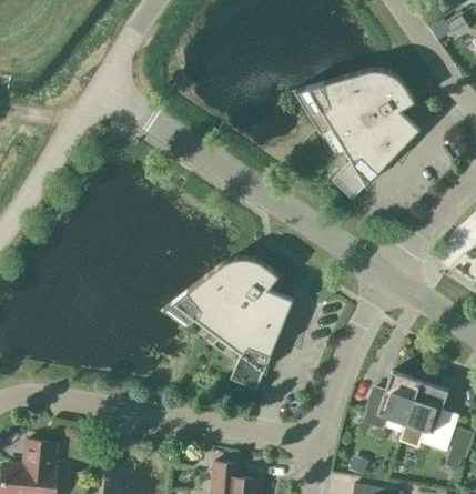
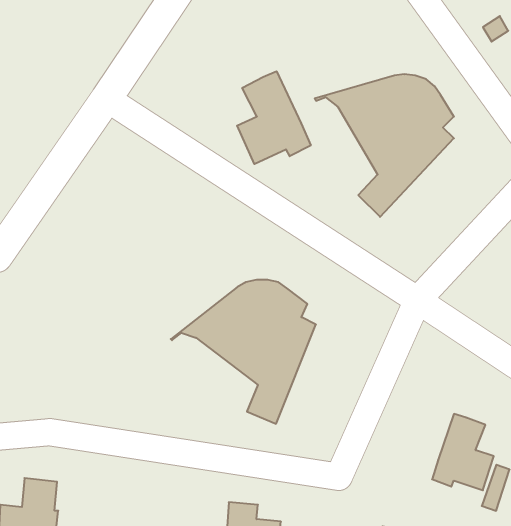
building: none -> [237,71,311,164]
building: [361,372,419,431] -> none

